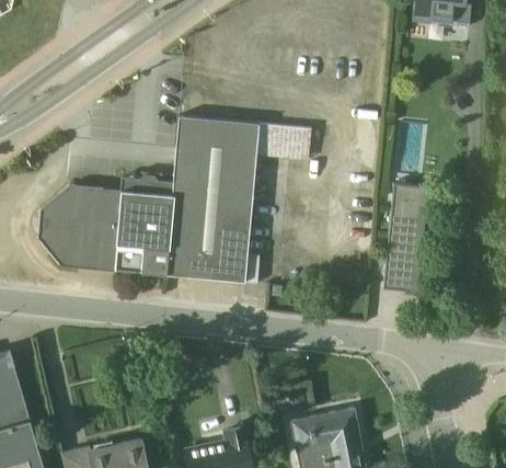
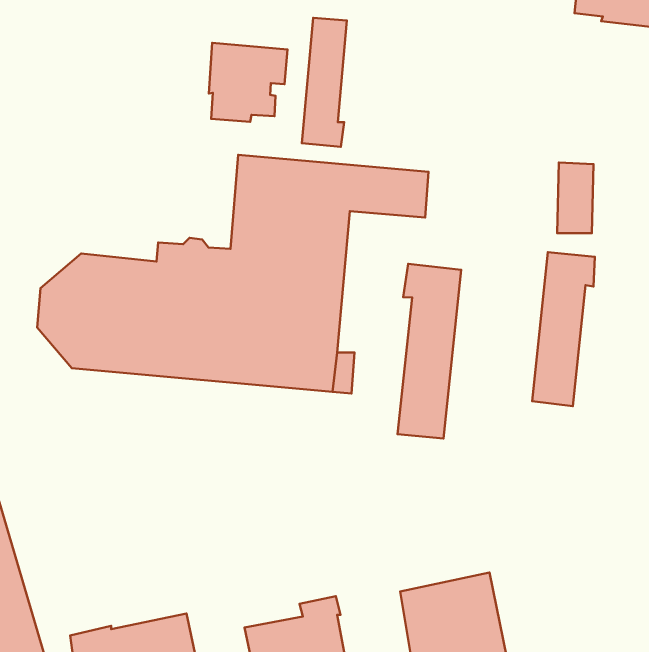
building: none -> [302,18,347,147]
building: none -> [209,43,288,122]
building: none -> [397,264,461,439]

